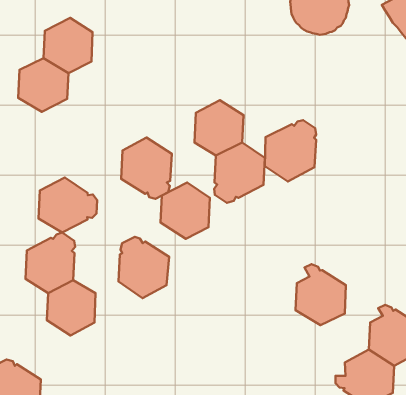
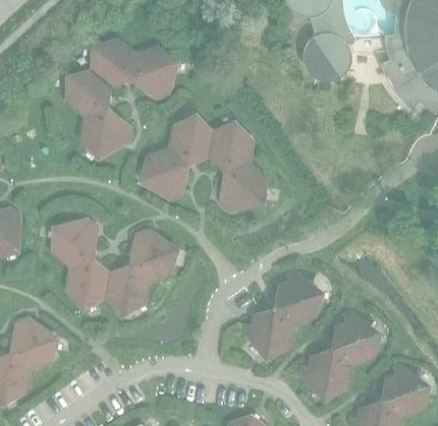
building: none -> [130,46,174,98]
building: [265,120,316,181] -> none
building: [39,177,97,233] -> [79,107,130,153]
building: [160,182,210,239] -> [168,117,212,164]
building: none -> [105,264,148,311]
building: none -> [241,307,293,353]

